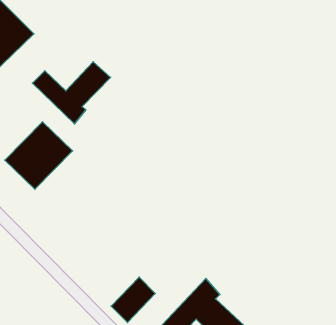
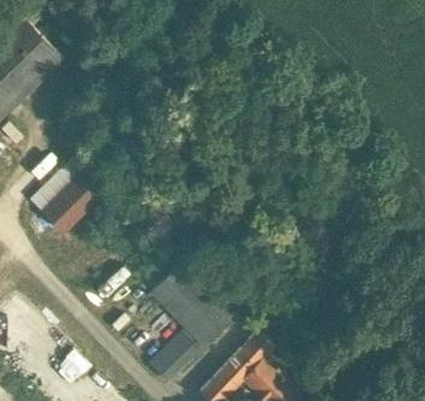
building: [33,62,110,124] -> none
building: none -> [147,261,250,349]

